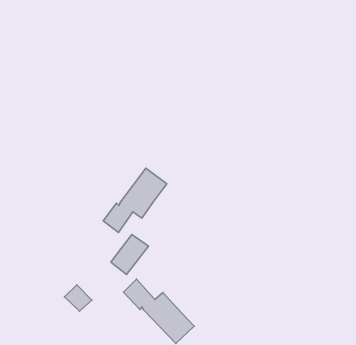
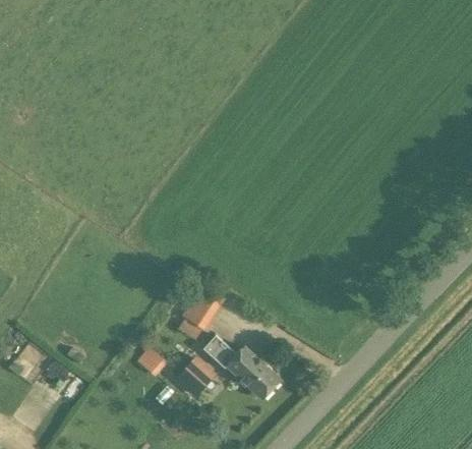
building: [103,168,167,233] -> none
building: none -> [178,360,213,396]

